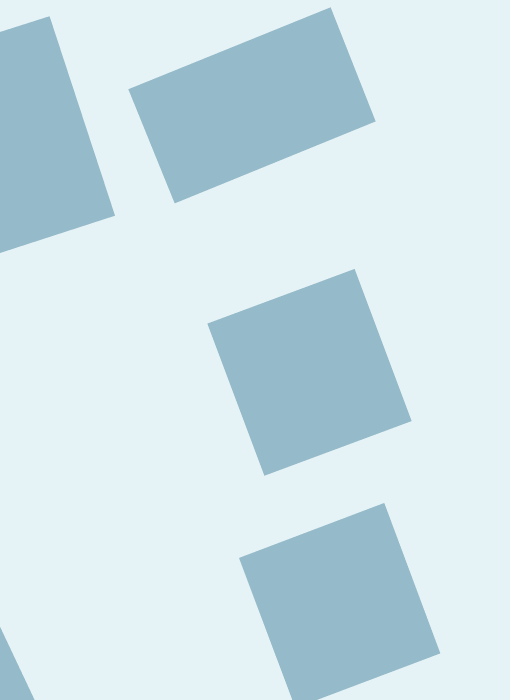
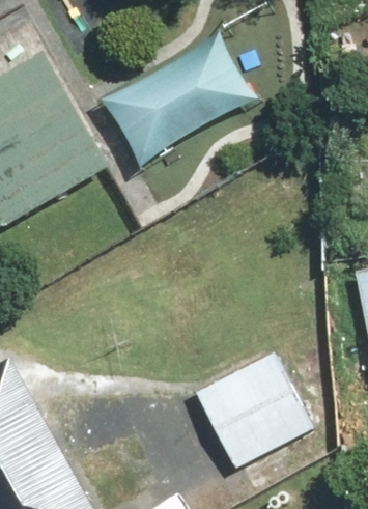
building: [206,268,413,477] -> none

